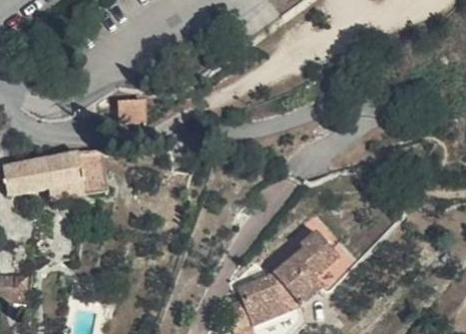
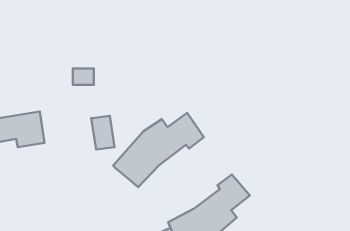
building: [78,149,107,192] -> [91,116,115,150]
building: none -> [113,113,204,187]

